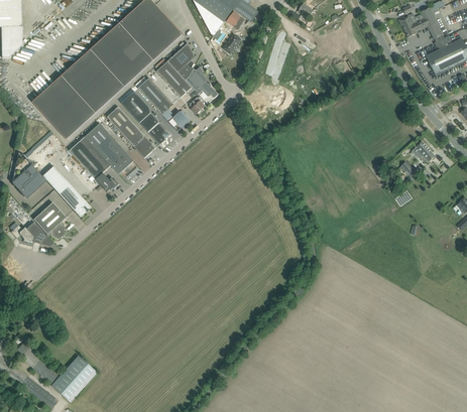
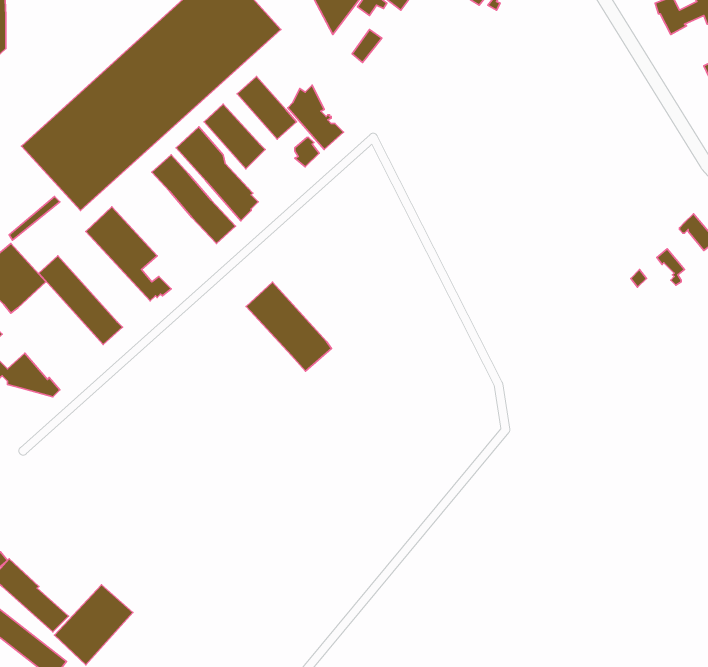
building: [167,43,194,81] -> none
building: [84,123,133,174] -> [246,282,332,371]
building: [32,202,66,239] -> none

